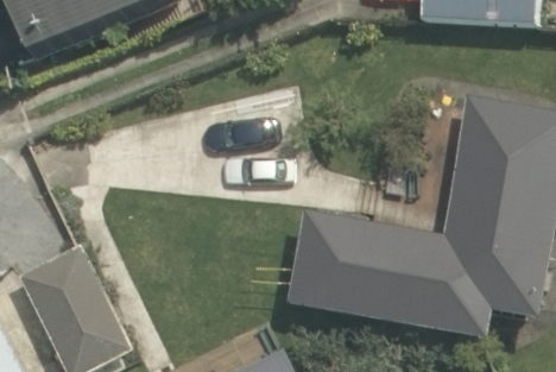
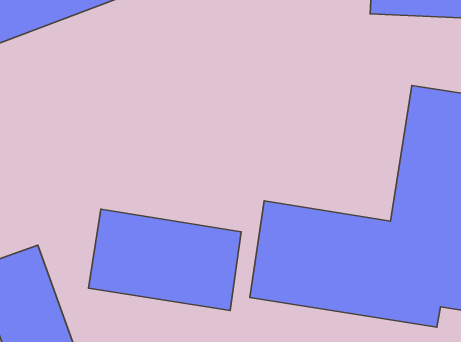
building: none -> [88,209,241,310]

